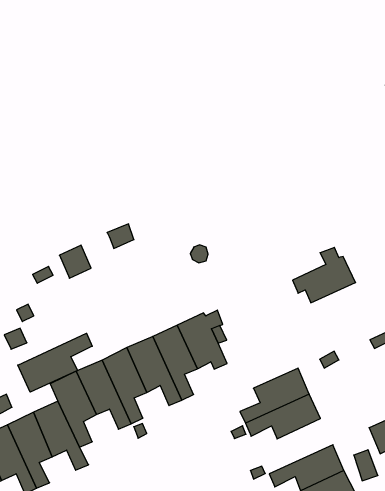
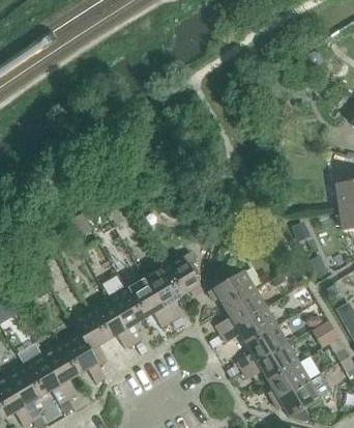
building: [293,247,356,303] -> [208,264,256,308]
building: [18,333,92,392] -> none
building: none -> [237,325,288,371]

